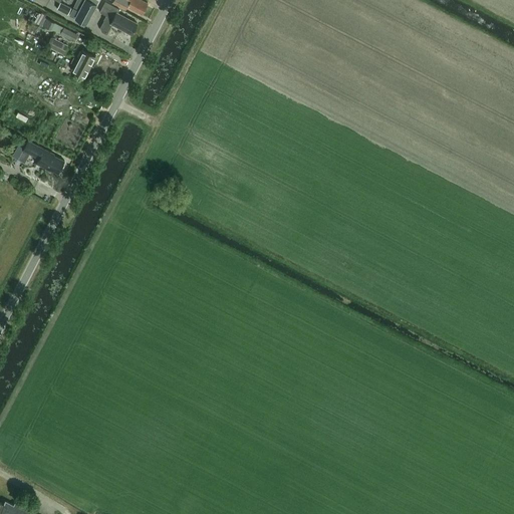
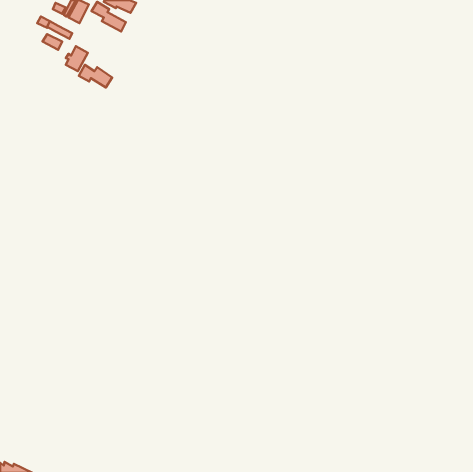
building: none -> [79,65,112,88]
building: [12,139,64,175] -> none

